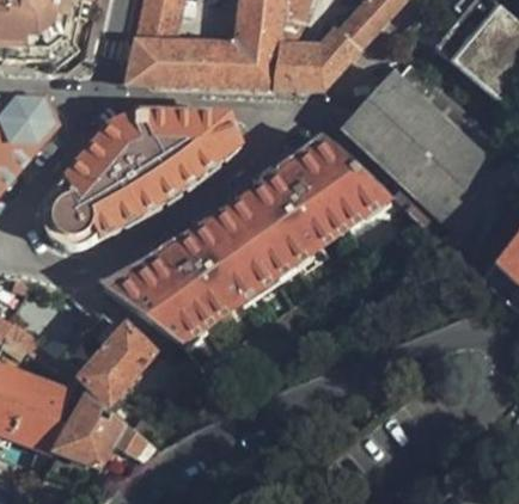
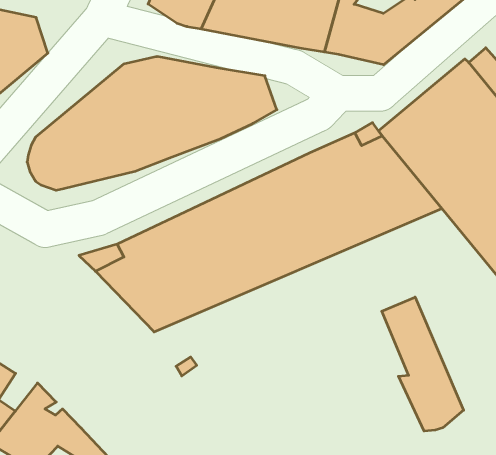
building: none -> [382,297,464,431]
building: [62,312,155,402] -> none

